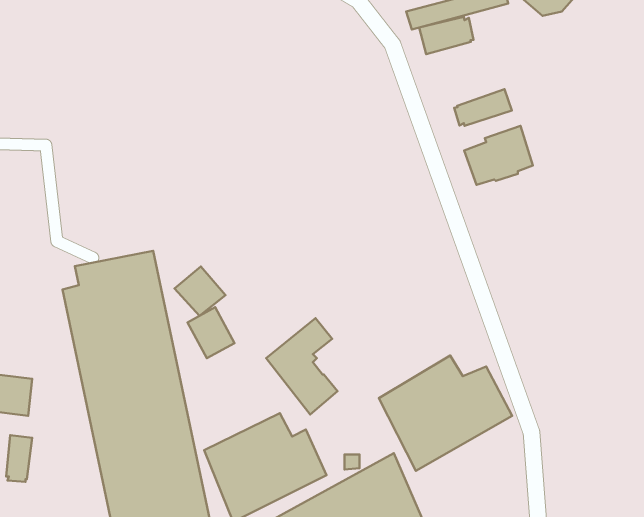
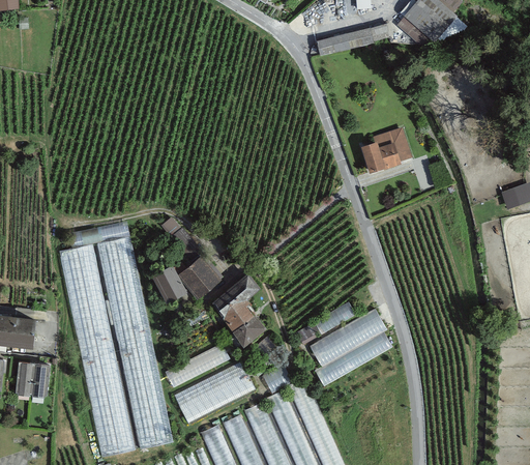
building: [419,17,474,54] -> none
building: [454,89,512,126] -> none
building: [175,266,226,316] -> [180,259,218,296]
building: none -> [31,364,50,398]

